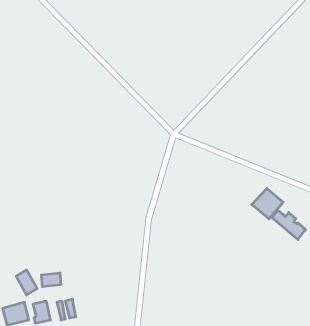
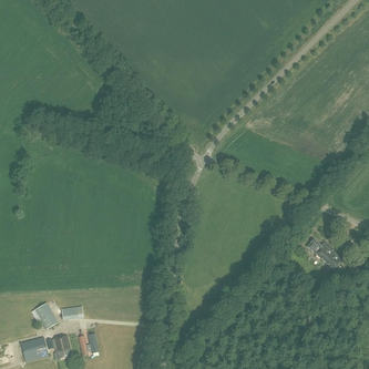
building: [252,188,283,219] -> none

